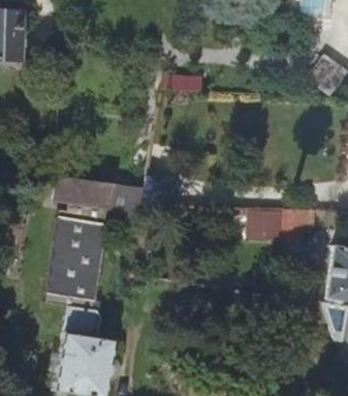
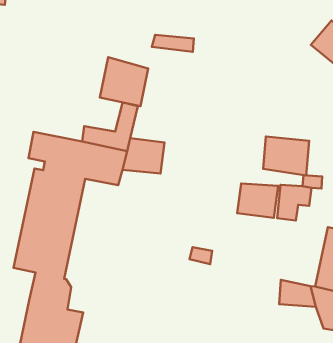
building: none -> [100,57,148,106]
building: none -> [263,137,309,175]

